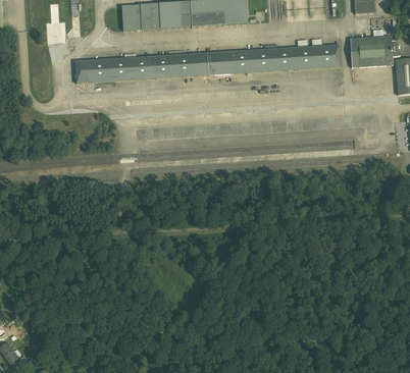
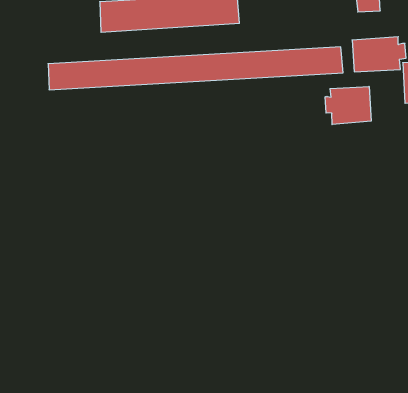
building: none -> [325,86,371,125]

